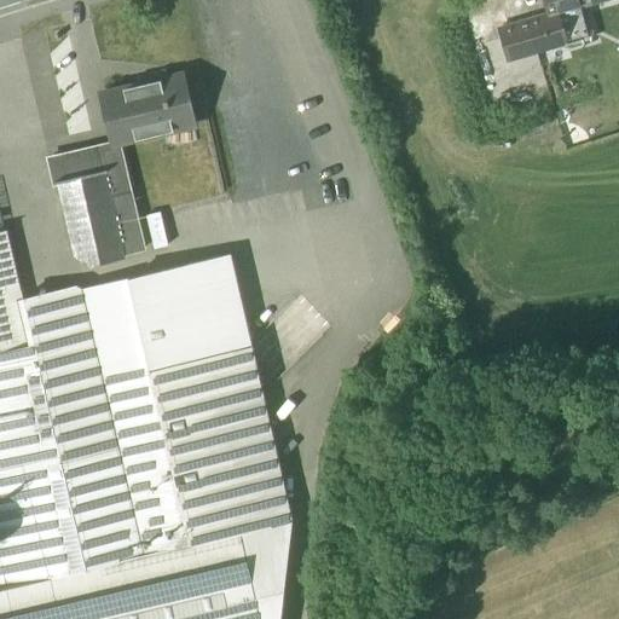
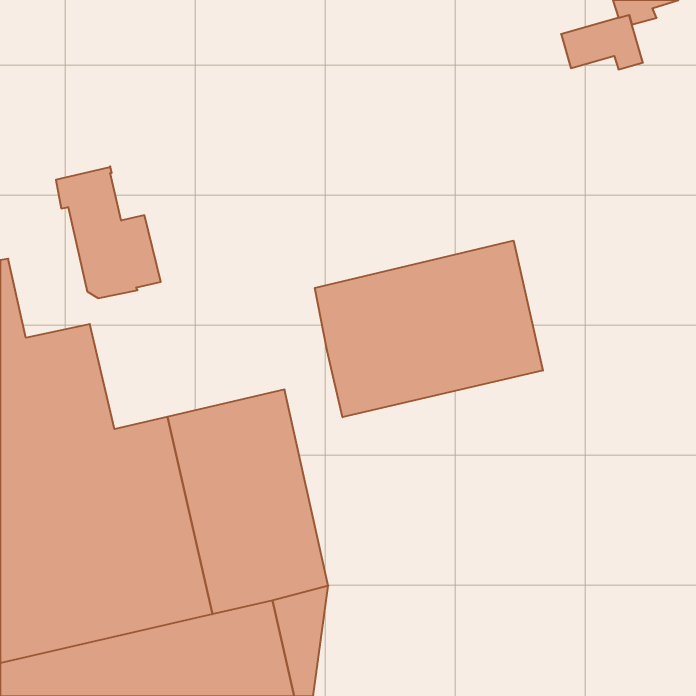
building: [104,76,195,144] -> none
building: [98,149,129,196] -> none
building: none -> [315,241,543,417]
building: [80,251,253,381] -> none

